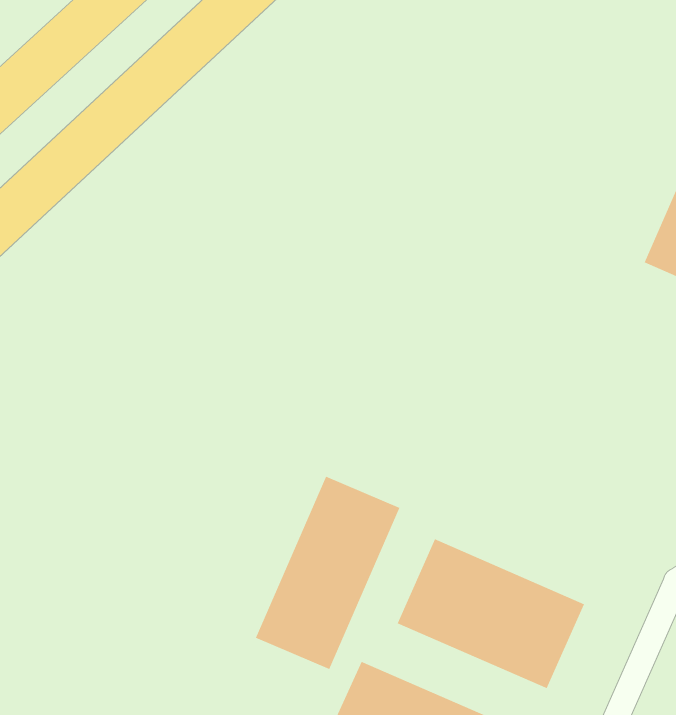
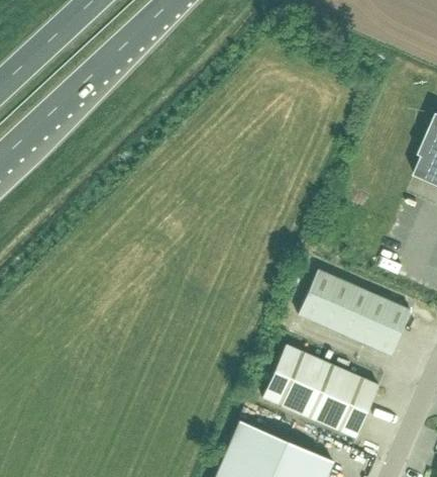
building: none -> [298,269,411,355]
building: [255,476,400,670] -> none

